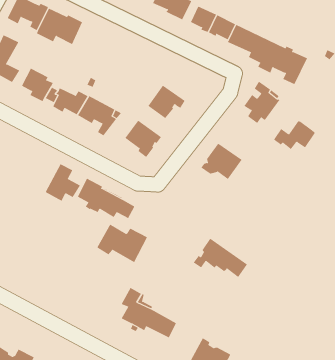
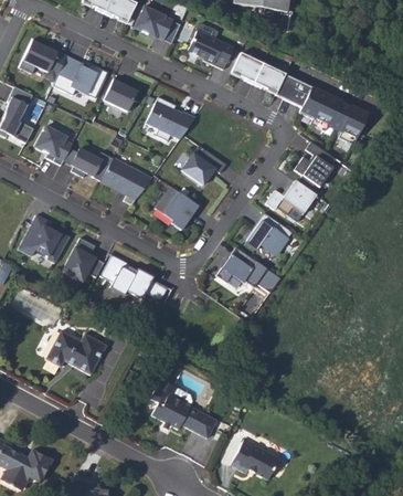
building: none -> [104,76,138,110]
building: none -> [146,97,195,141]
building: [273,121,316,150] -> [266,180,316,214]
building: none -> [19,213,71,262]
building: [97,224,148,263] -> [46,329,106,374]
building: [193,238,248,278] -> [216,246,280,293]

